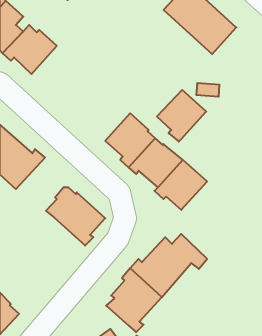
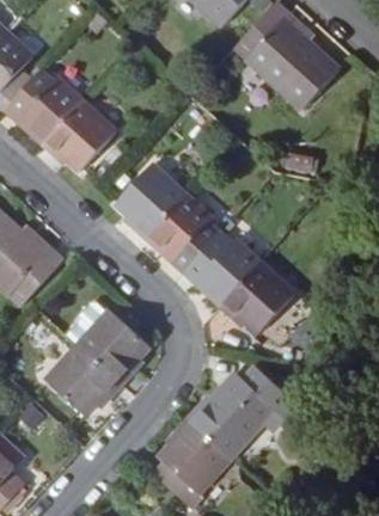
building: none -> [41,98,117,170]
building: [157,90,206,142] -> [116,164,187,238]
building: none -> [45,344,122,416]

